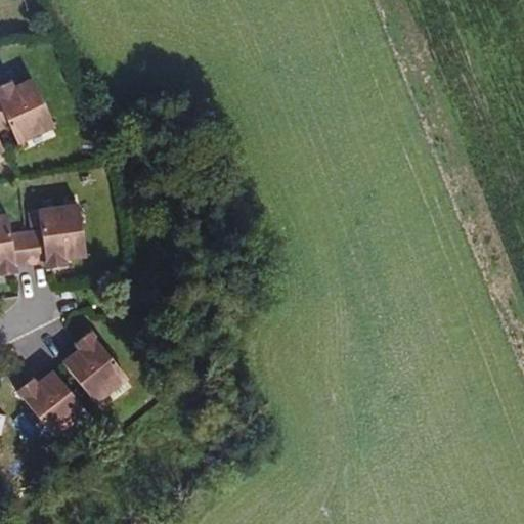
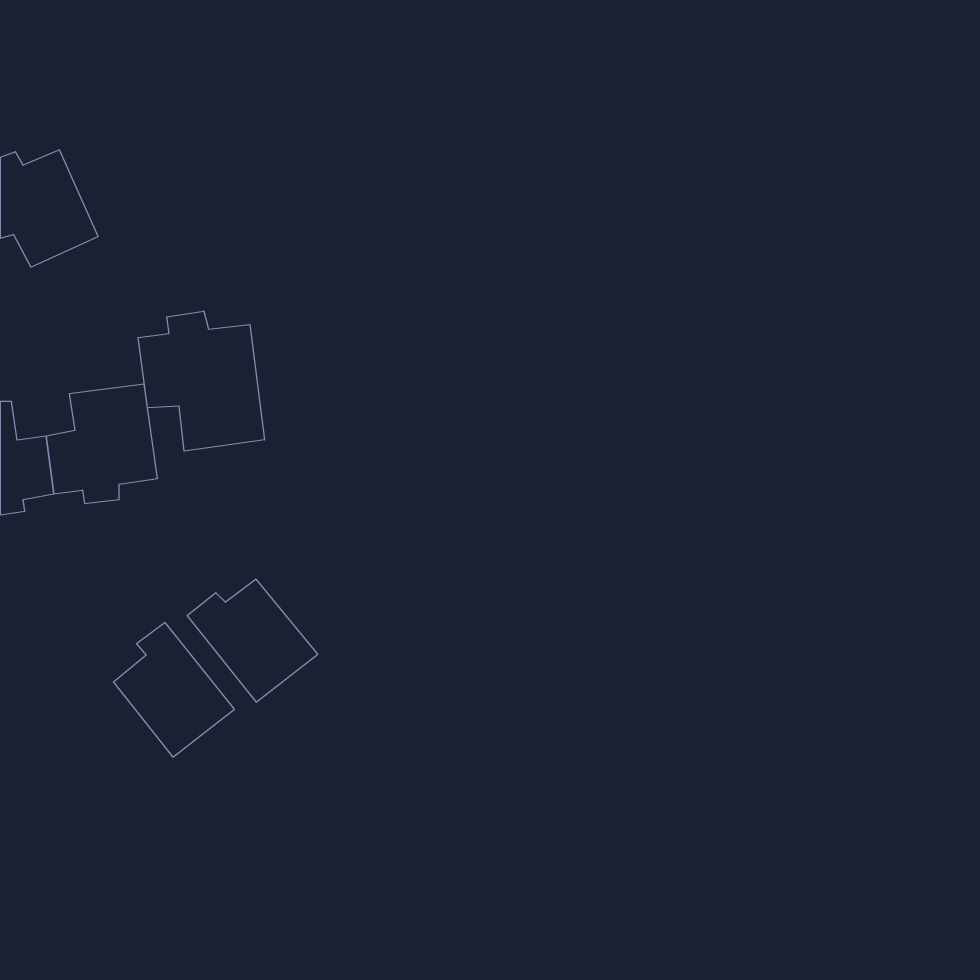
building: none -> [138,311,264,451]
building: [14,372,84,437] -> [187,579,318,702]

